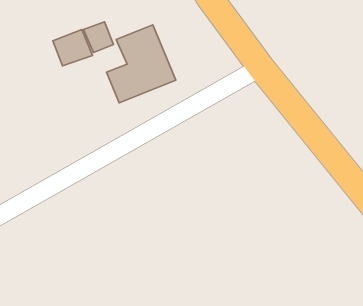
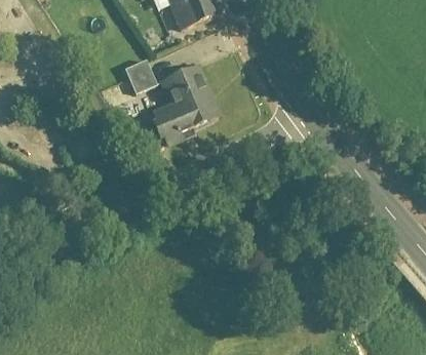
building: [53,29,92,66] -> none

